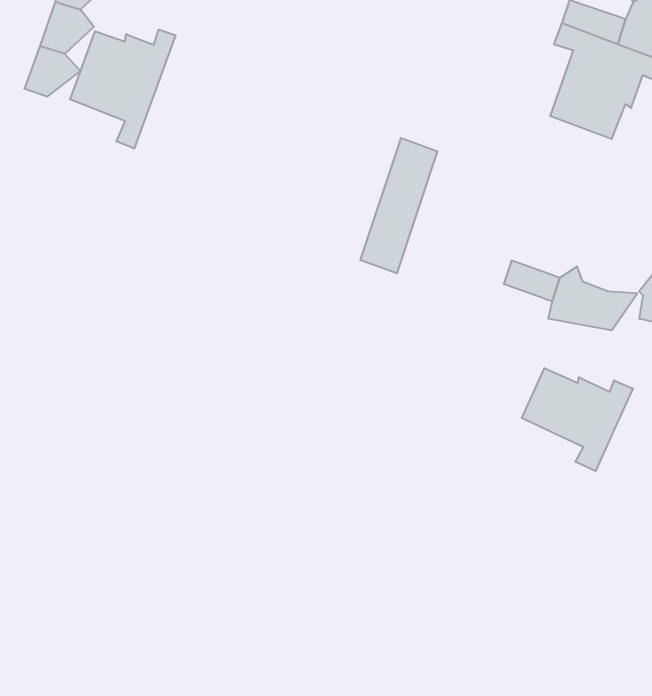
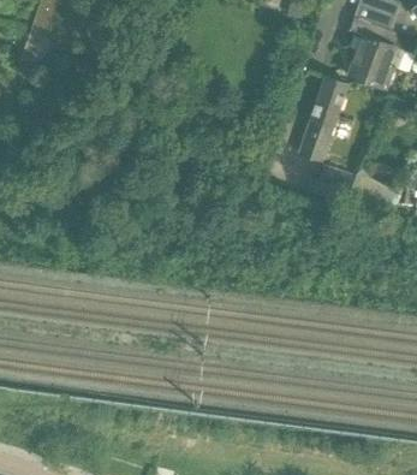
building: [70,30,176,148] -> none
building: [360,138,438,273] -> [299,76,347,160]
building: [522,368,633,471] -> none

